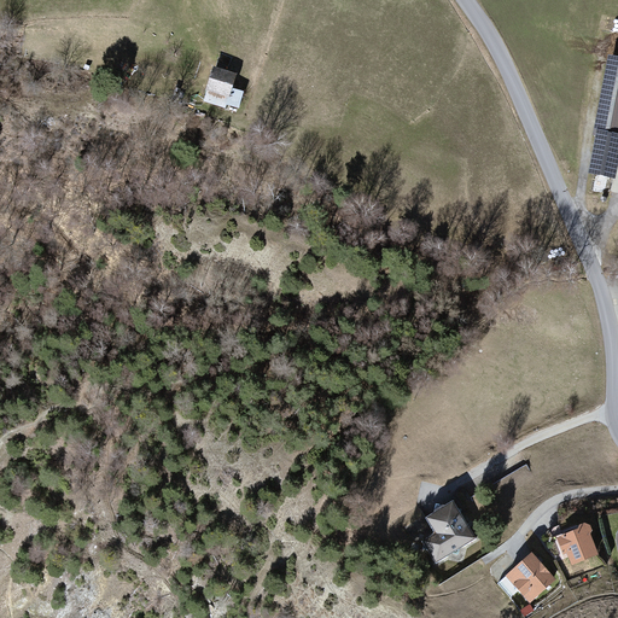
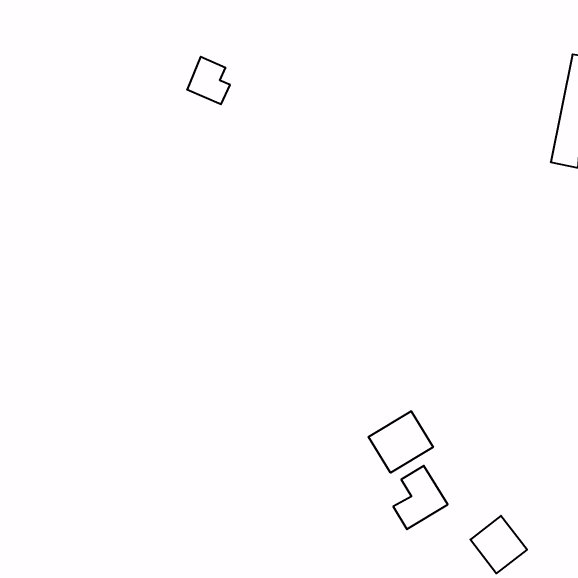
building: none -> [369,411,433,473]
building: [558,520,602,569] -> none

